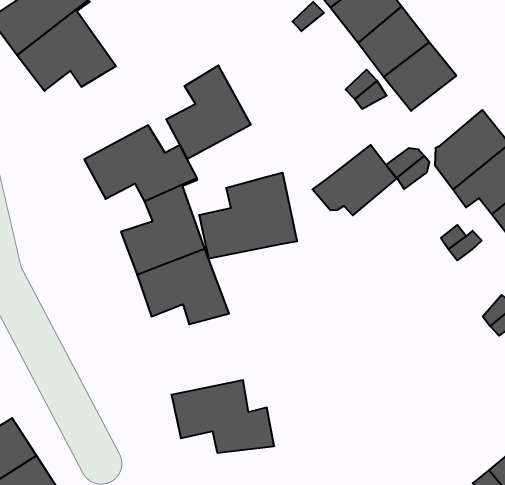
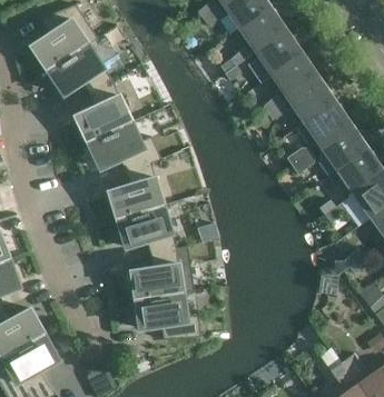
building: [166,65,251,159] -> [76,81,131,141]
building: [312,145,396,215] -> [296,101,352,147]
building: [199,173,297,259] -> [131,246,195,299]

